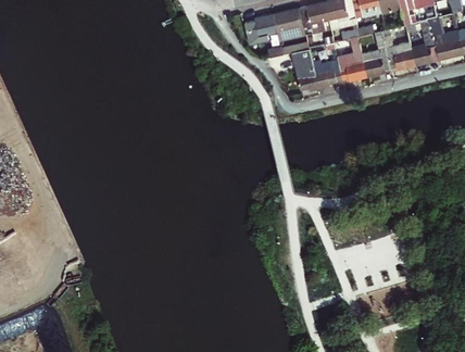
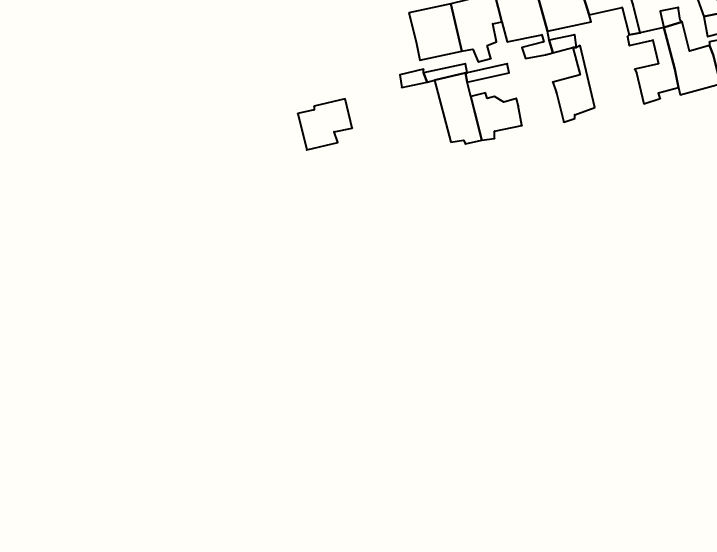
building: [247,12,279,42] -> [298,99,352,150]
building: [377,29,415,68] -> none
building: [337,37,367,79] -> none

